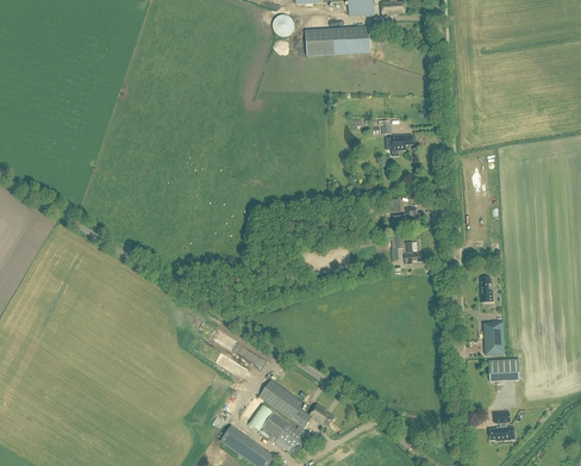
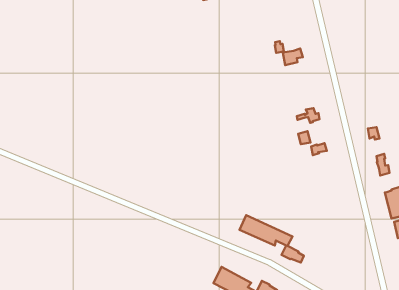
building: none -> [239,215,304,263]

